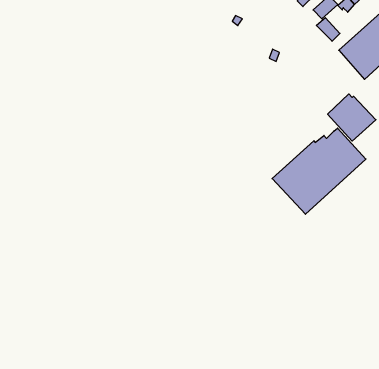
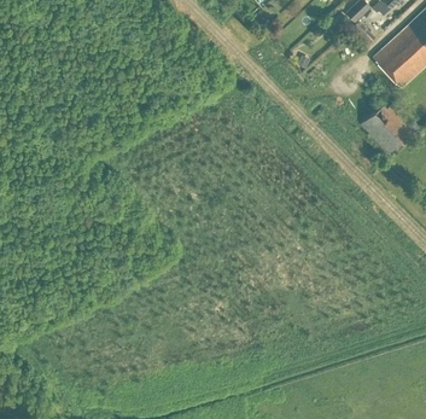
building: [272,128,366,214] -> none

